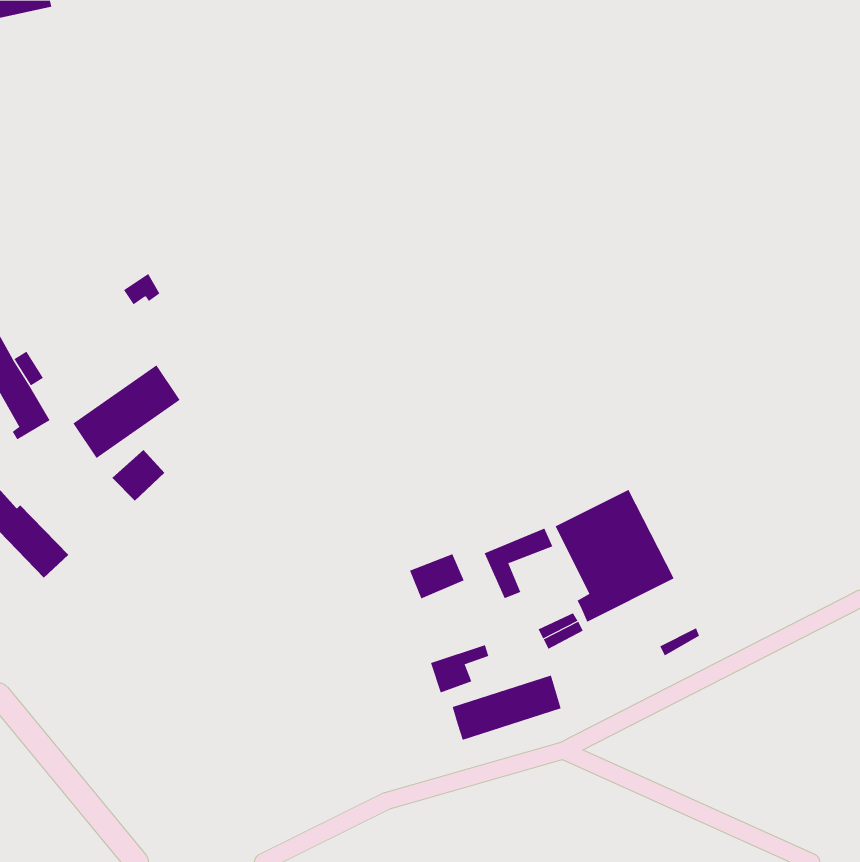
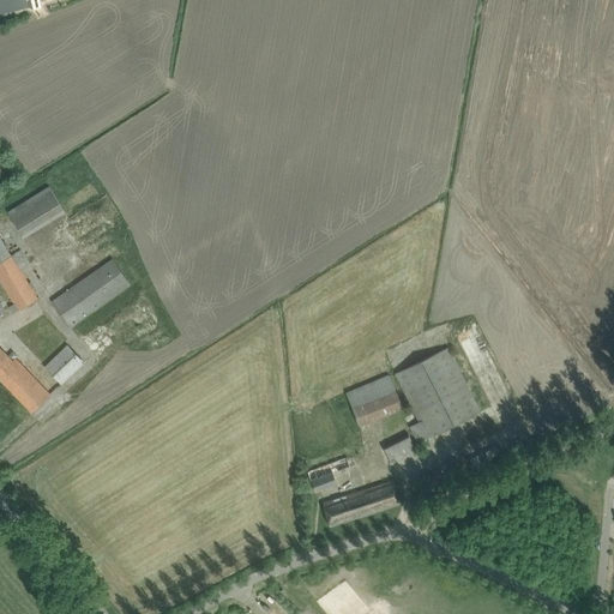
building: none -> [7,186,64,236]
building: [111,449,165,501] -> [44,347,83,384]
building: [409,554,465,599] -> [362,389,402,421]

